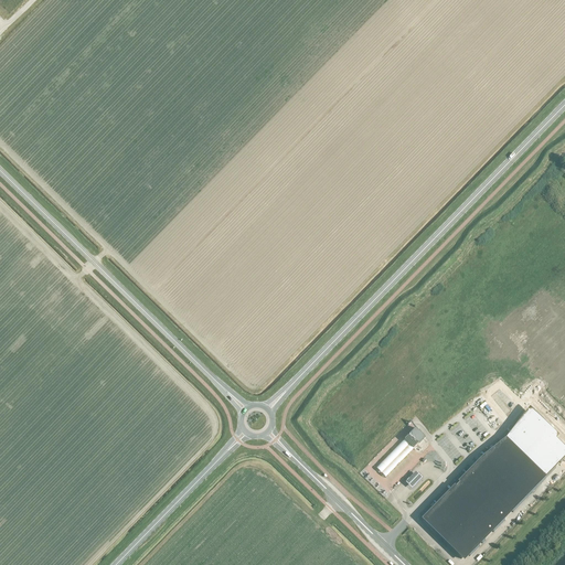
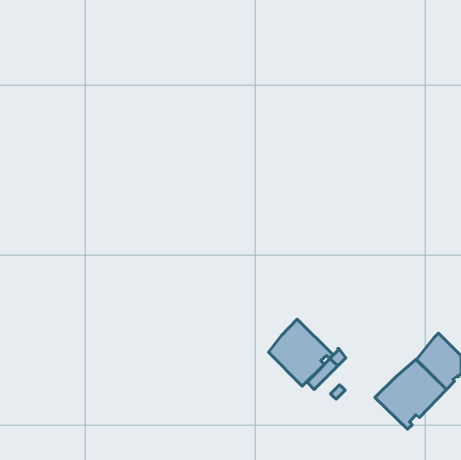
building: none -> [268,319,333,386]
building: [425,484,497,556] -> none

